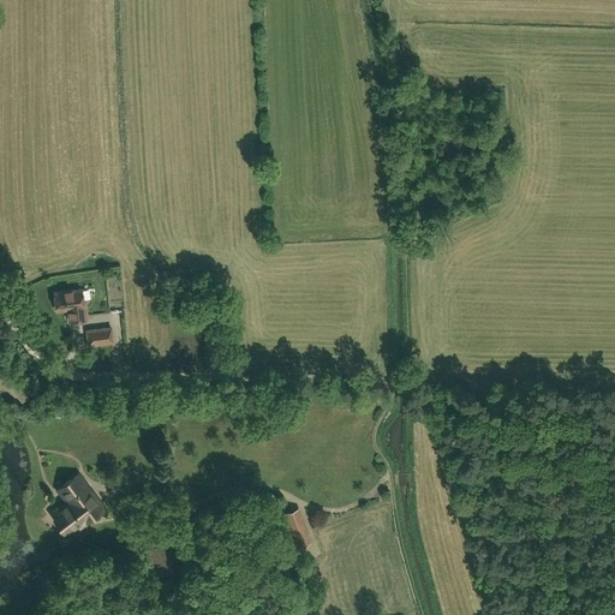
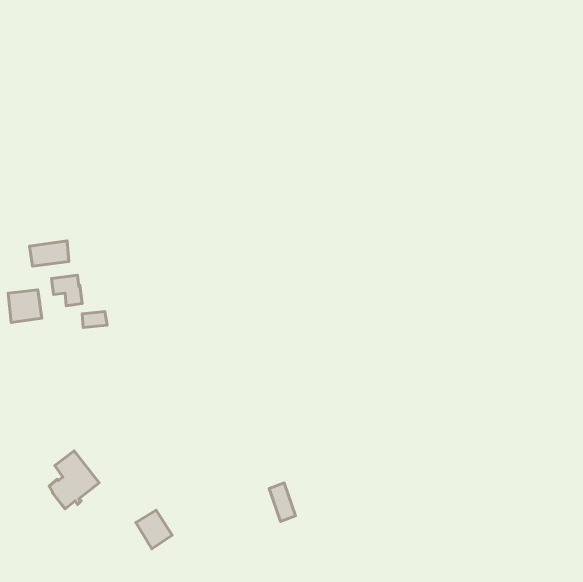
building: none -> [30,241,69,266]
building: none -> [8,290,42,322]

